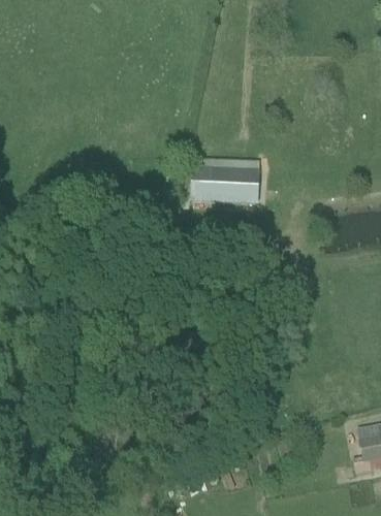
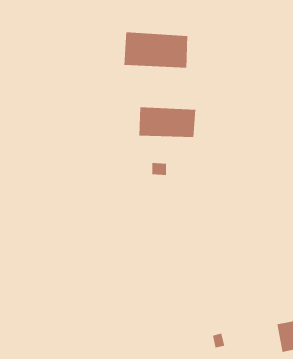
building: none -> [124,32,188,68]

